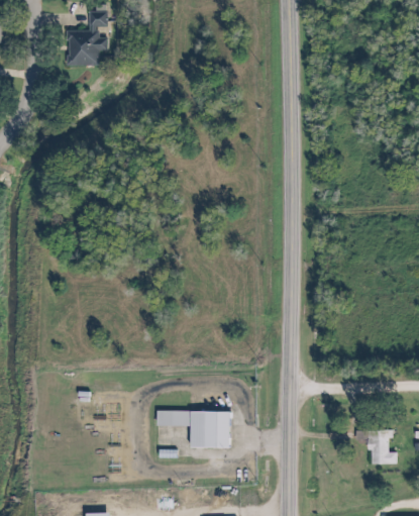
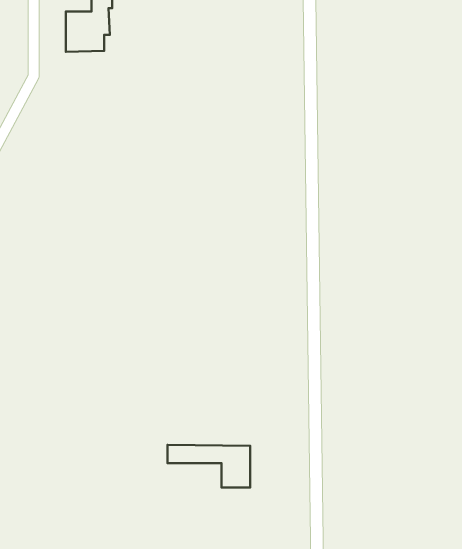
building: [352,429,395,462] -> none

